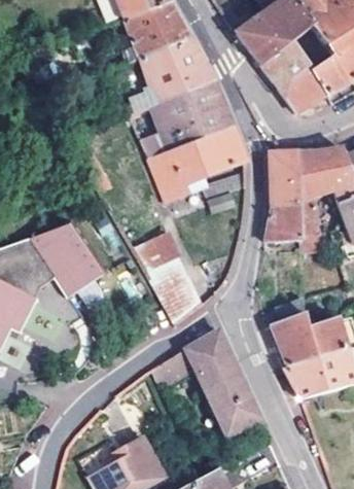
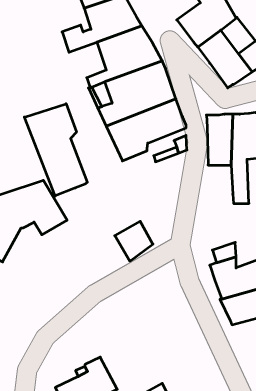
building: none -> [24,104,87,196]
building: [264,207,302,243] -> none
building: [134,234,189,292] -> none
building: [162,329,260,434] -> none

